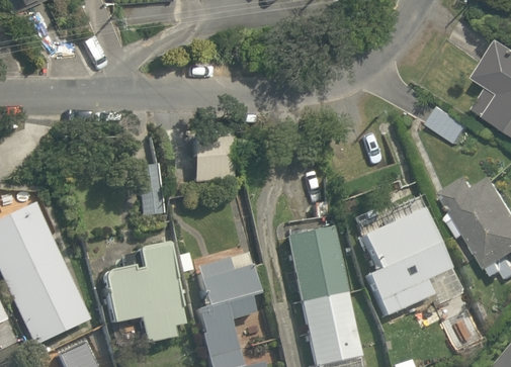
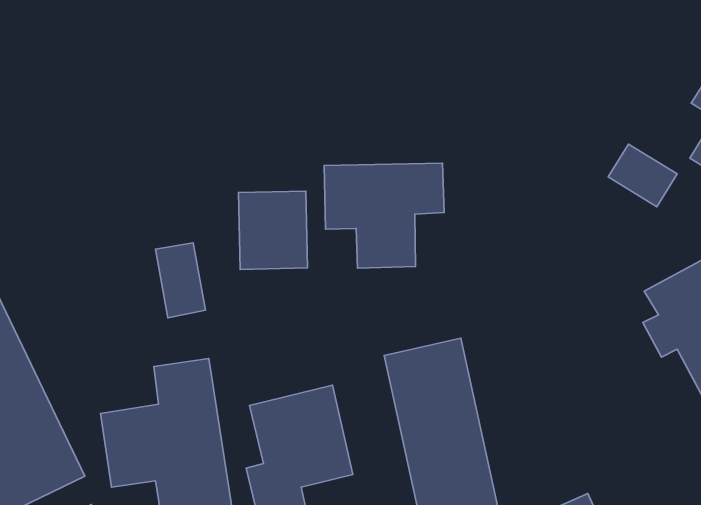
building: none -> [324,163,444,268]
building: [361,206,453,318] -> none

